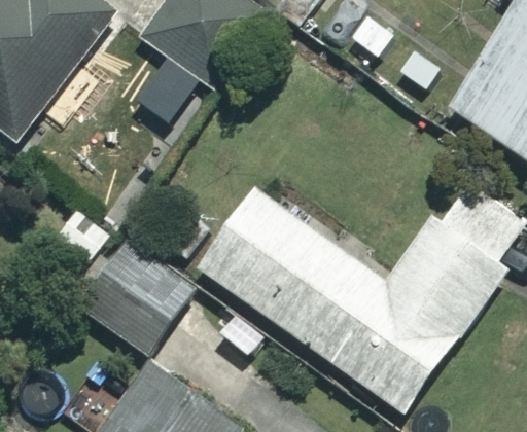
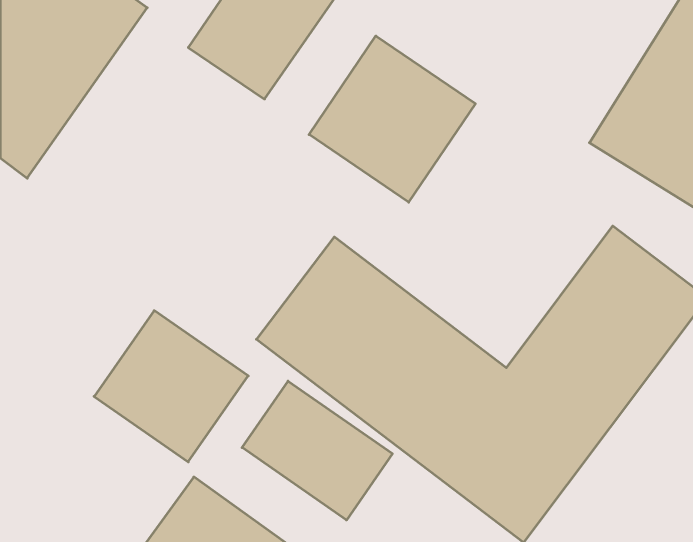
building: none -> [309,36,475,202]
building: none -> [242,381,392,520]

